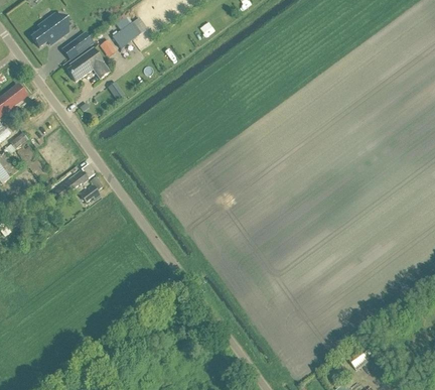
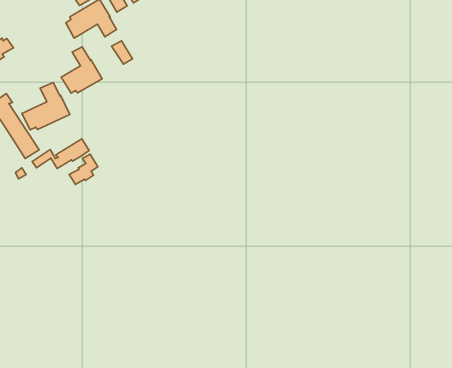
building: none -> [61,47,102,93]
building: none -> [22,82,70,130]

